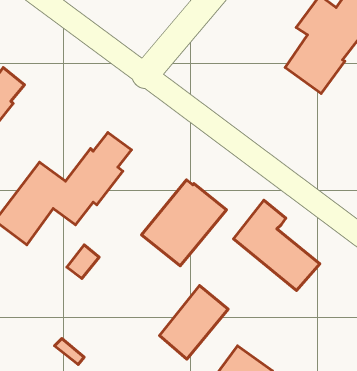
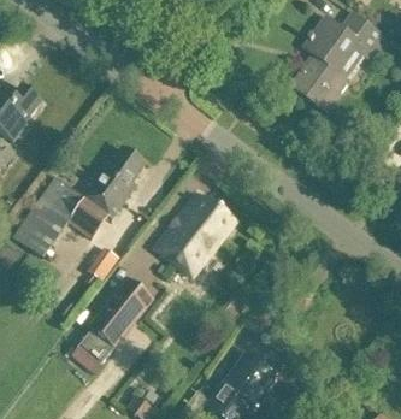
building: [233,200,320,291] -> none
building: [160,286,228,359] -> [87,275,153,346]

